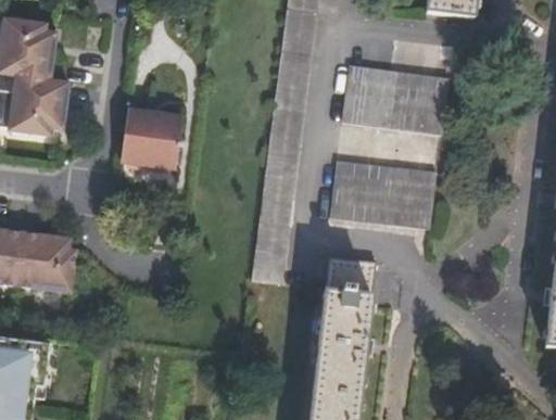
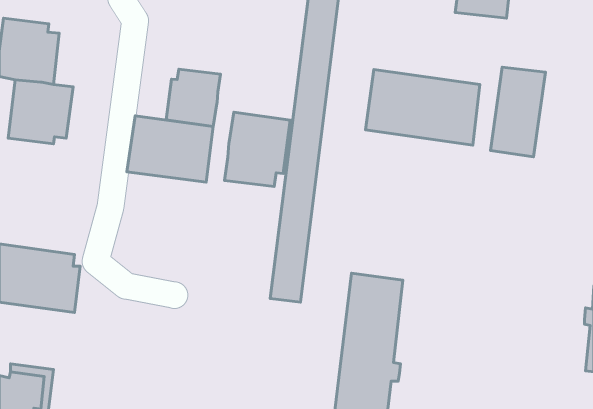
building: none -> [490,67,545,157]
building: none -> [166,69,220,126]
building: none -> [224,112,290,187]
building: [328,160,437,229] -> none

